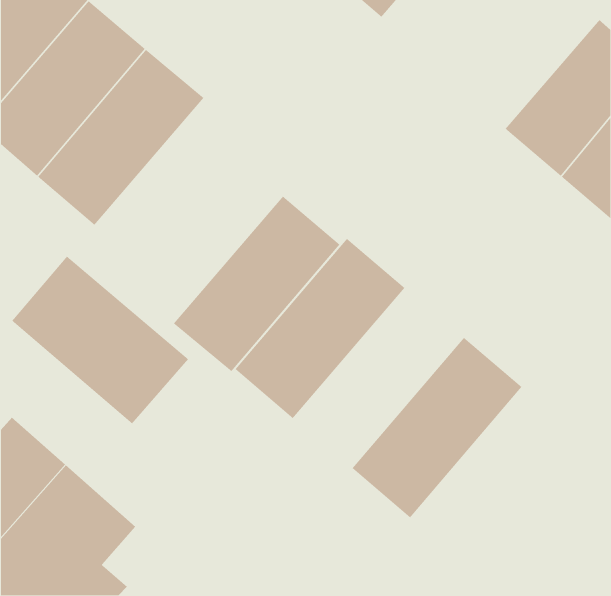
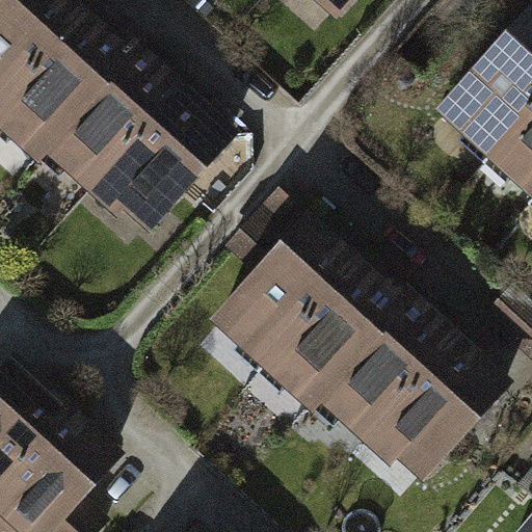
building: [173,196,340,372] -> [82,85,228,239]
building: [11,255,189,425] -> none
building: none -> [255,250,403,407]
building: none -> [356,337,505,495]

